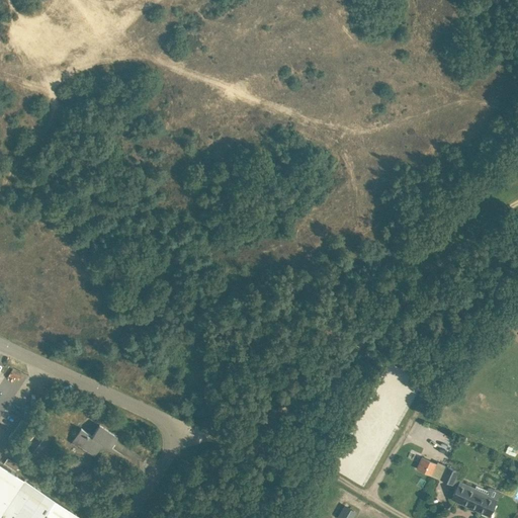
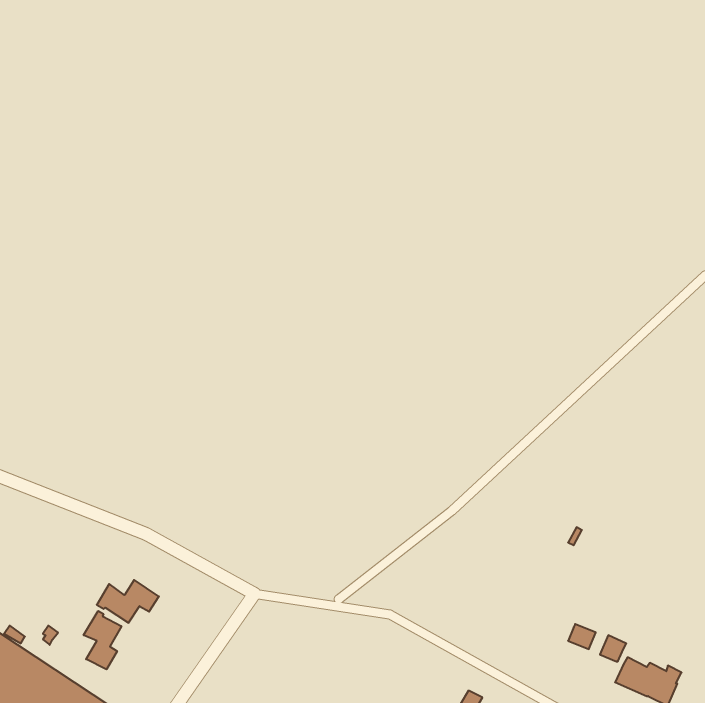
building: none -> [84,611,121,669]

